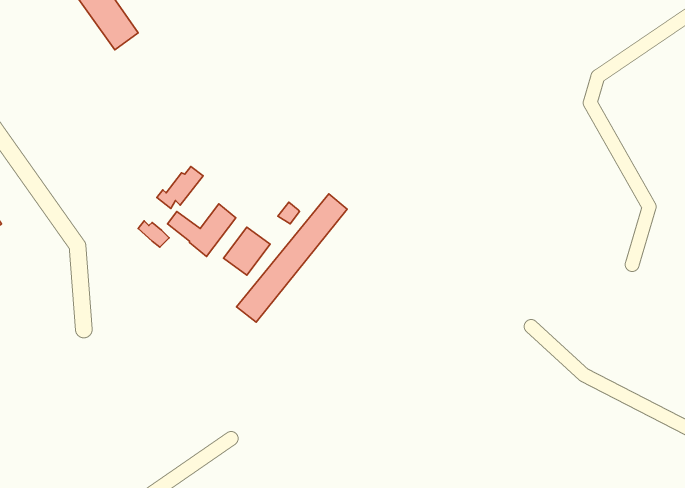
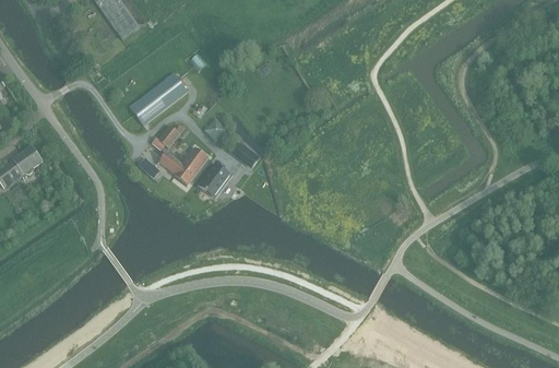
building: none -> [130,72,188,124]
building: [236,194,347,322] -> none

